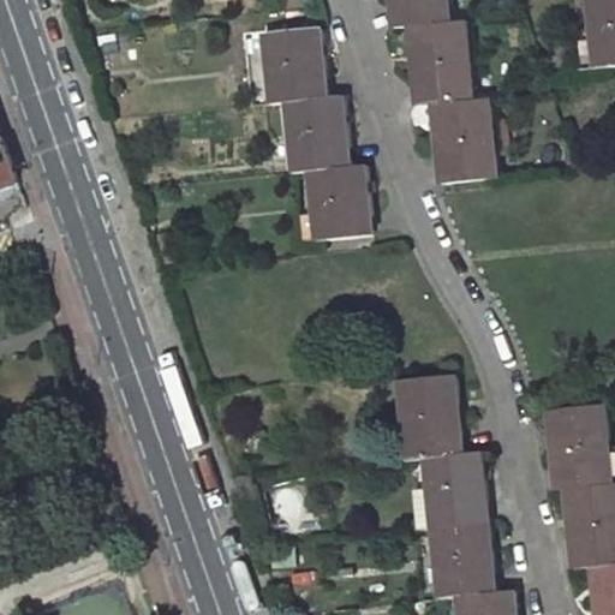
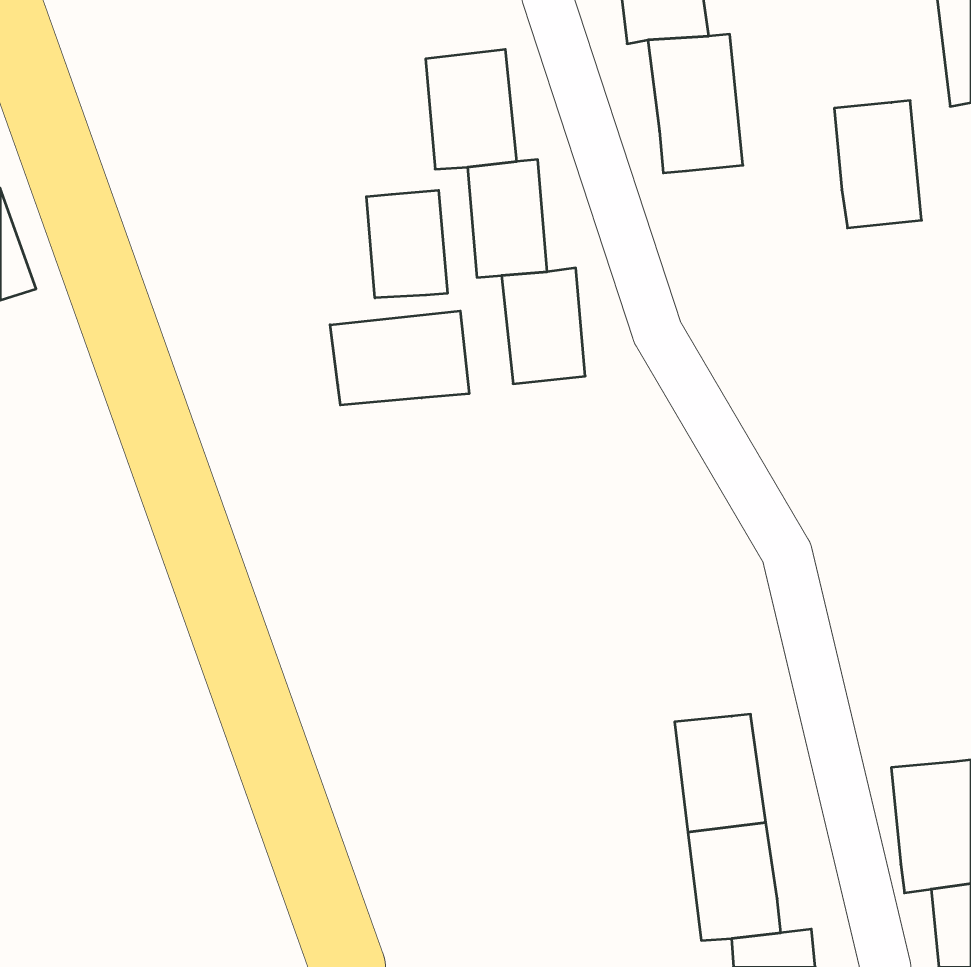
building: [434,103,489,184] -> [834,101,922,228]
building: none -> [366,190,447,298]
building: none -> [330,311,469,405]
building: [401,374,462,459] -> none
building: [542,401,603,486] -> none

